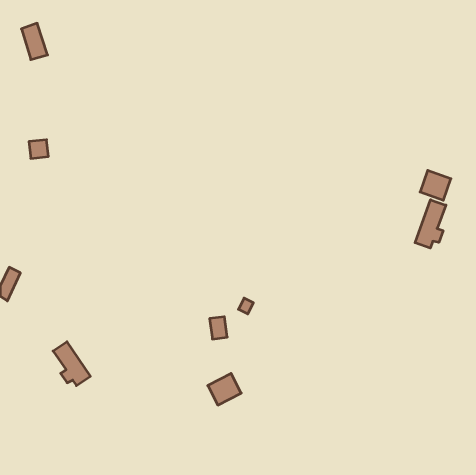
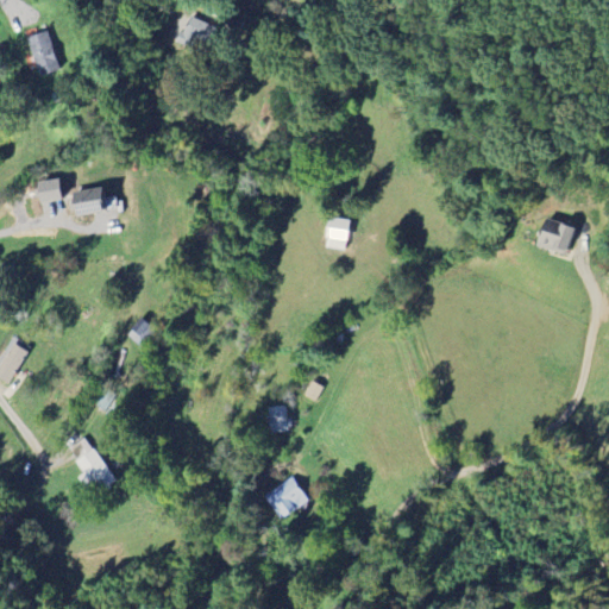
building: none -> [180,15,215,48]
building: none -> [73,187,106,215]
building: none -> [326,216,349,249]
building: [415,200,446,248] -> none

